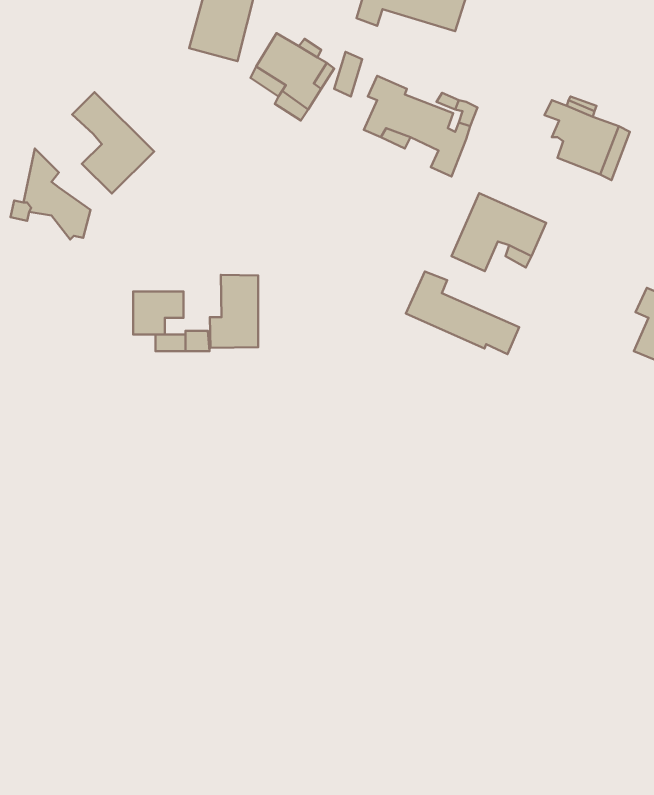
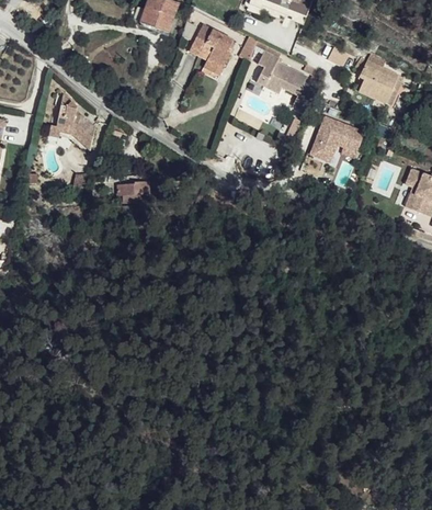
building: [72,92,154,194] -> none
building: [406,271,519,354] -> none
building: [210,275,258,348] -> none

